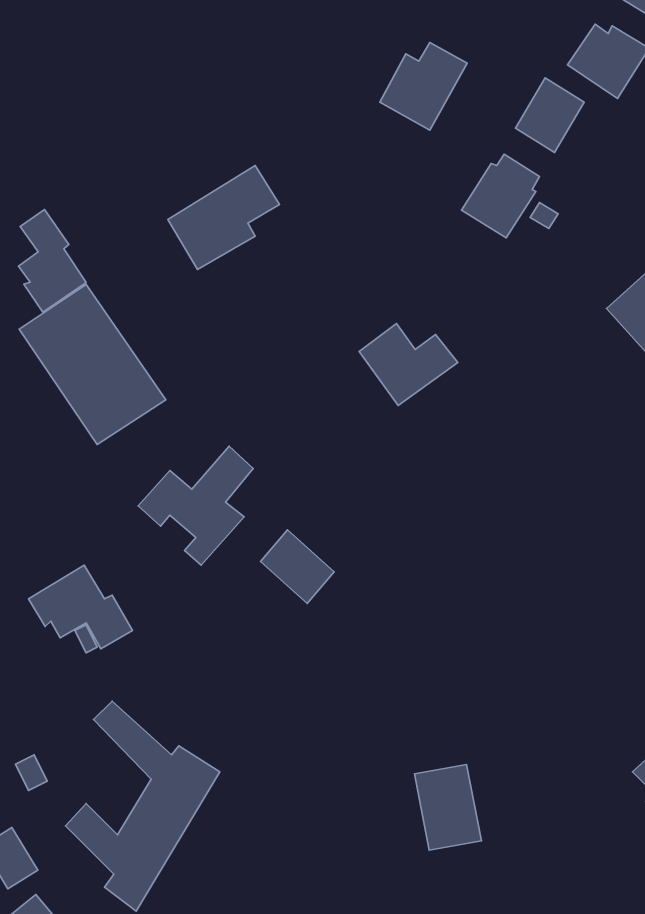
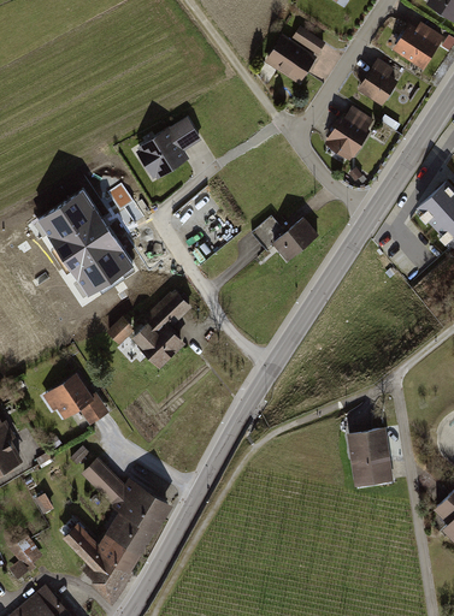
building: [18,210,86,312] -> none
building: [260,530,334,603] -> none
building: [414,765,481,850] -> [347,431,390,486]

